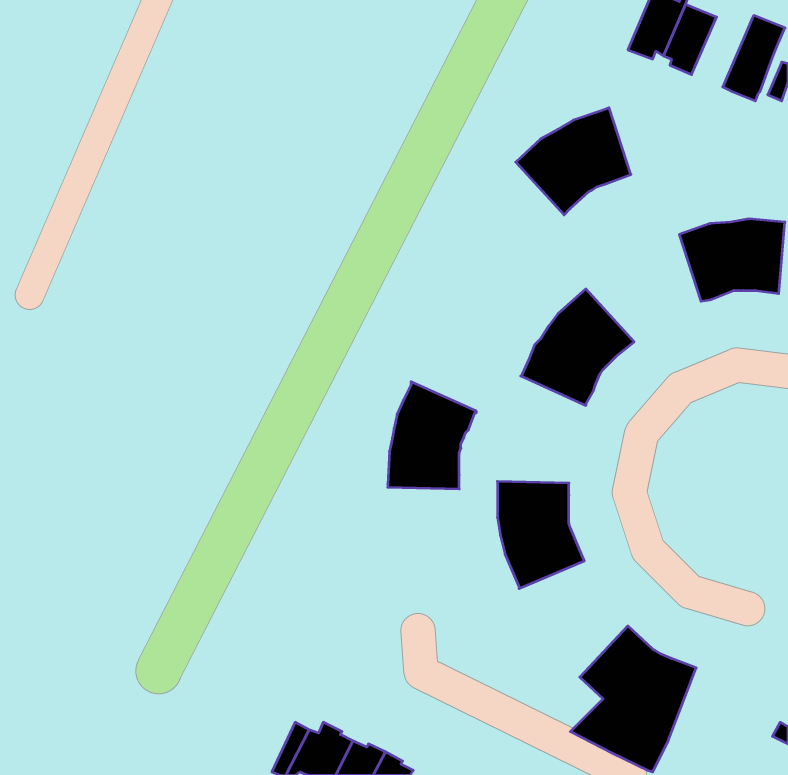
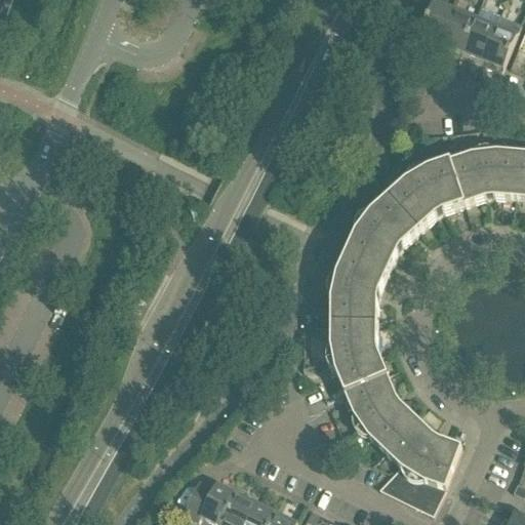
building: none -> [456,11,493,57]
building: [516,108,631,215] -> [387,155,462,226]
building: [388,382,476,489] -> [328,248,387,319]
building: none -> [342,370,414,447]

